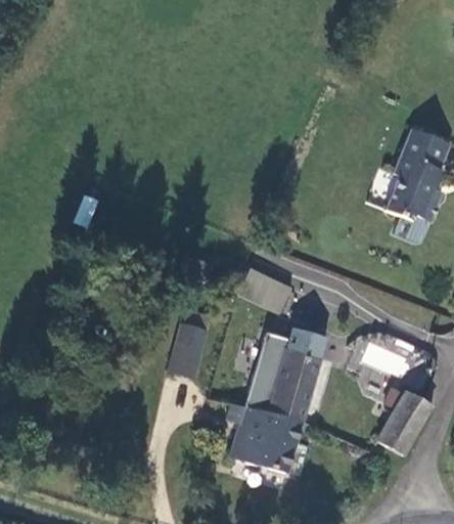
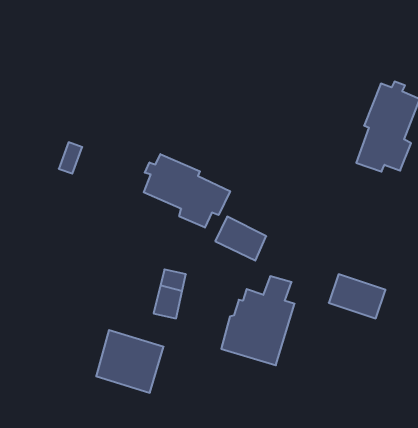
building: none -> [144,154,230,228]
building: [379,387,432,452] -> none
building: [230,406,301,472] -> [96,330,164,393]

